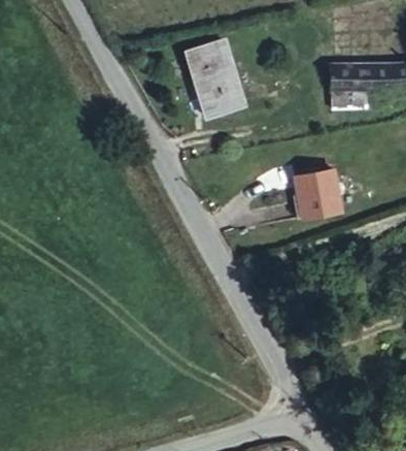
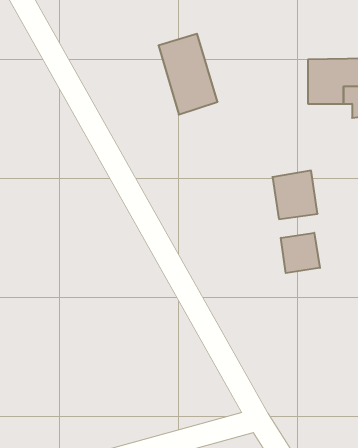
building: none -> [281,233,320,273]

